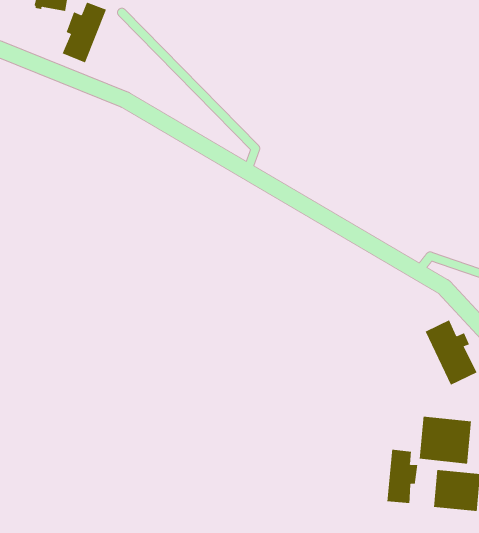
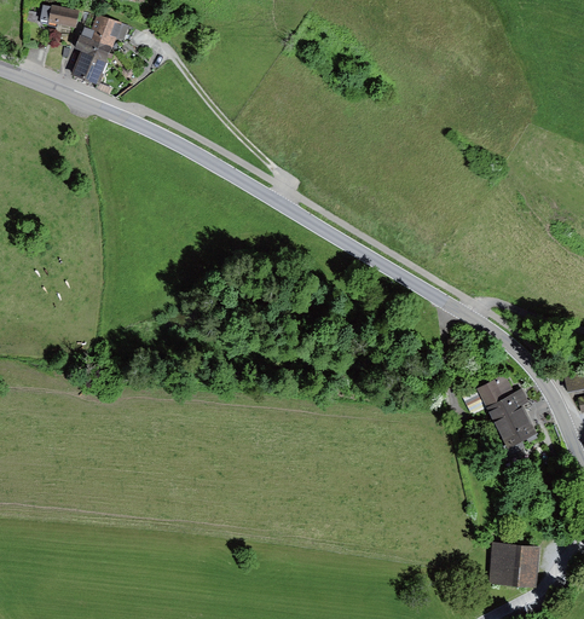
building: [419,416,472,464] -> none
building: [387,449,418,504] -> none

